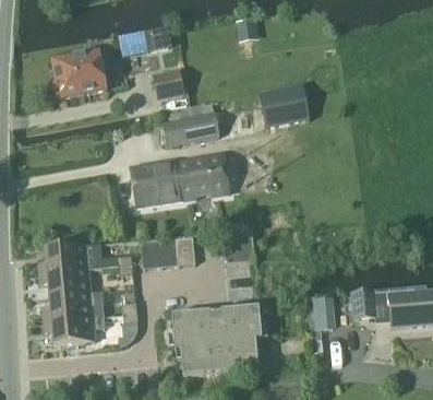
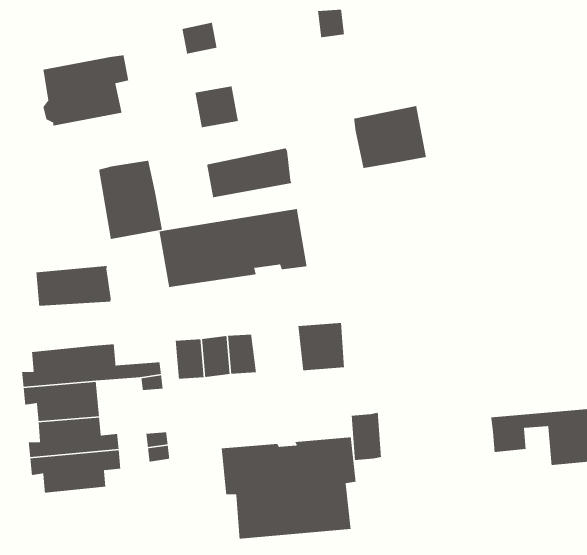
building: none -> [98,160,163,240]
building: none -> [36,265,112,307]
building: [313,297,334,330] -> [351,412,382,461]

